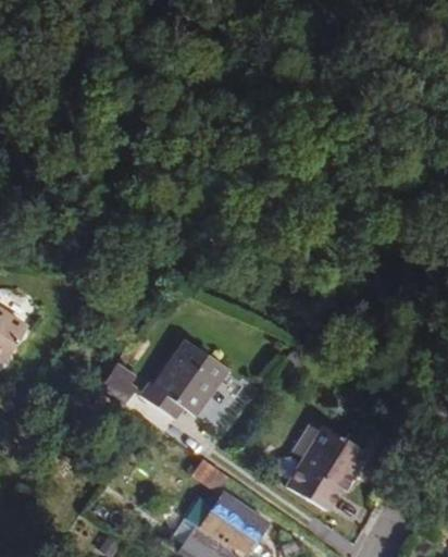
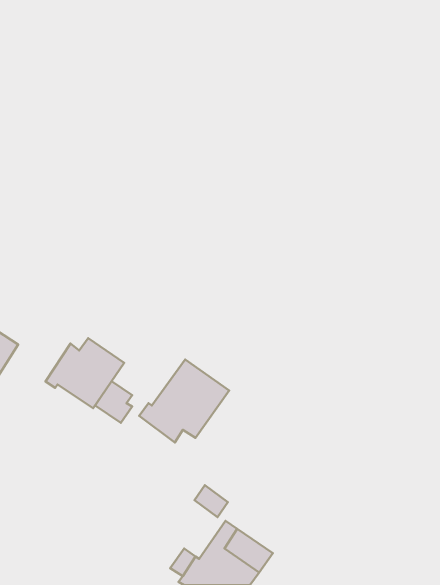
building: none -> [45,338,124,408]
building: [288,429,365,509] -> none

